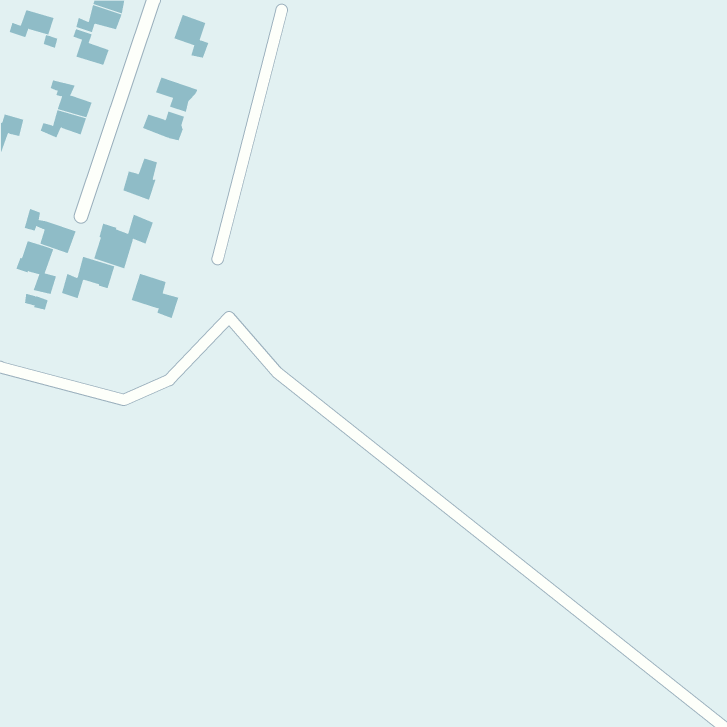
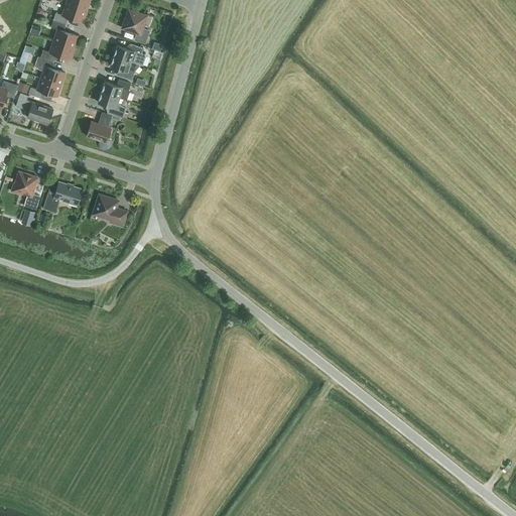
building: [9,9,54,38] -> [41,40,74,60]
building: none -> [114,43,146,64]
building: none -> [98,91,126,117]
building: [24,208,77,254] -> [16,92,53,124]
building: [94,214,153,269] -> none

